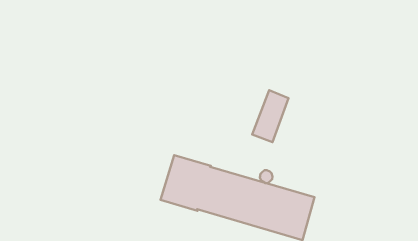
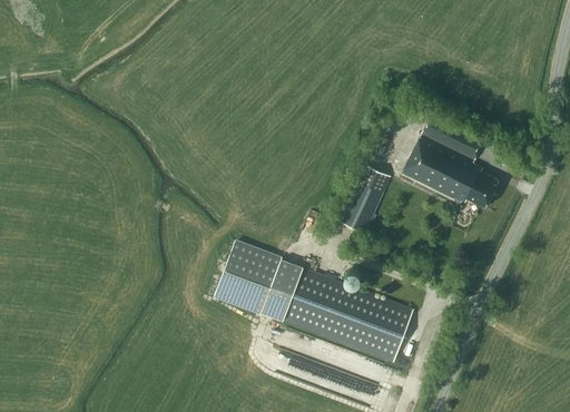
building: none -> [400,112,498,209]

